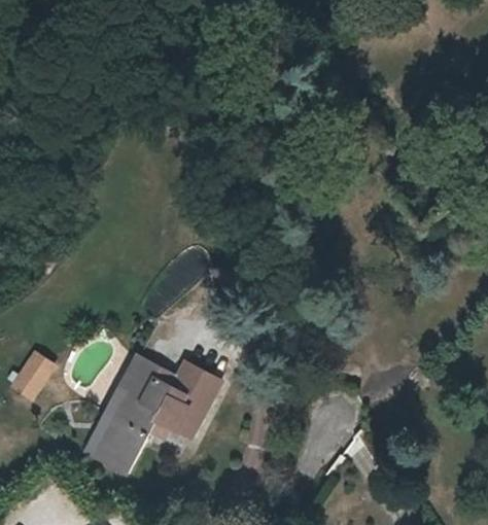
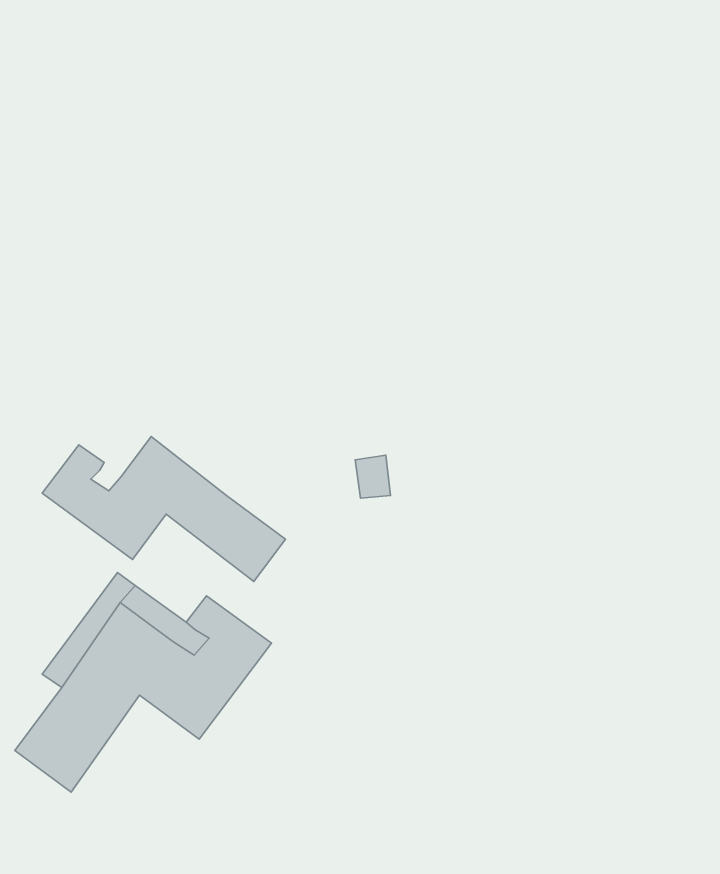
building: none -> [42,436,285,582]

